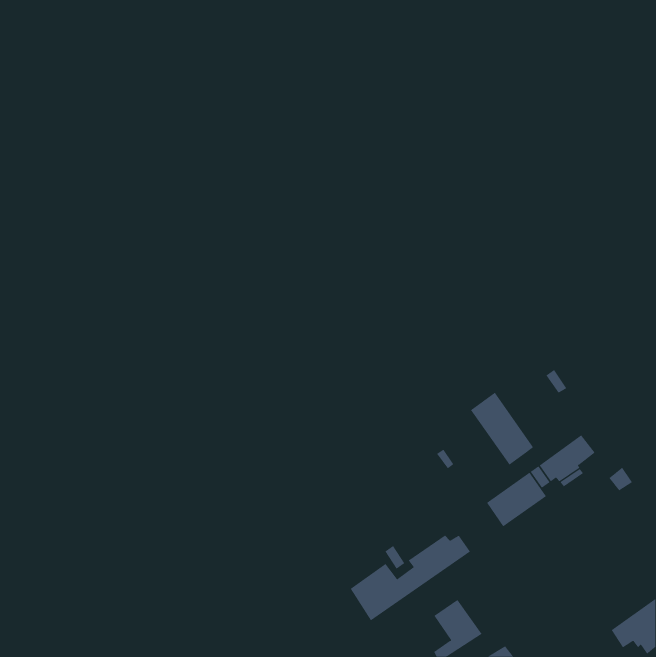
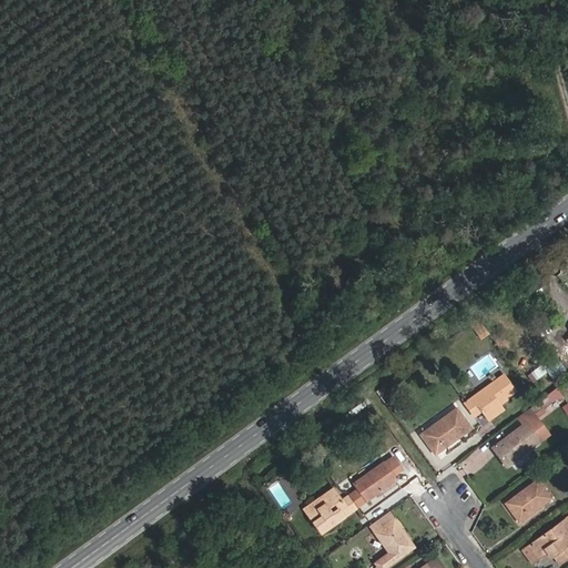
building: [470,392,534,465] -> none
building: none -> [489,420,542,467]
building: none -> [503,478,552,523]

